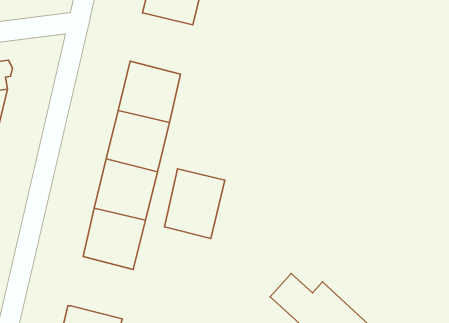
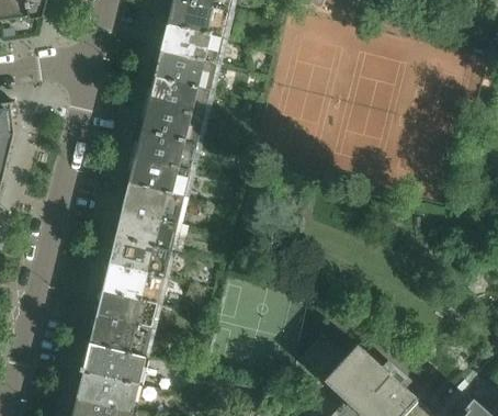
building: none -> [147,50,215,117]
building: [164,169,225,238] -> none
building: none -> [79,316,150,384]

